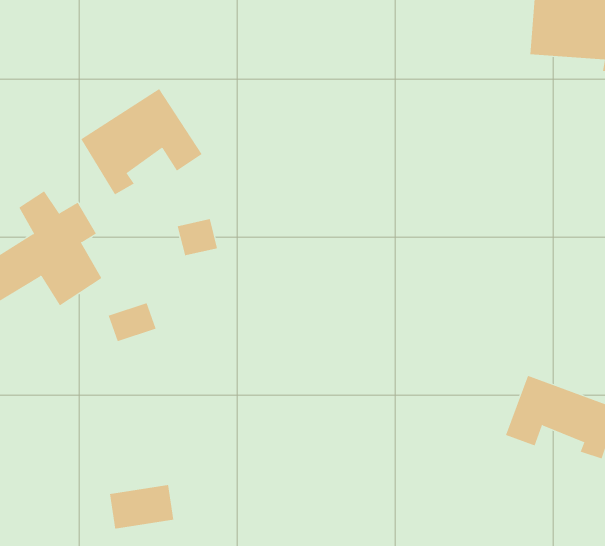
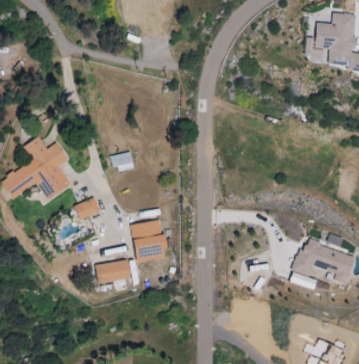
building: [80,88,203,195] -> none
building: none -> [132,220,168,261]
building: [109,485,174,529] -> [96,259,132,284]

